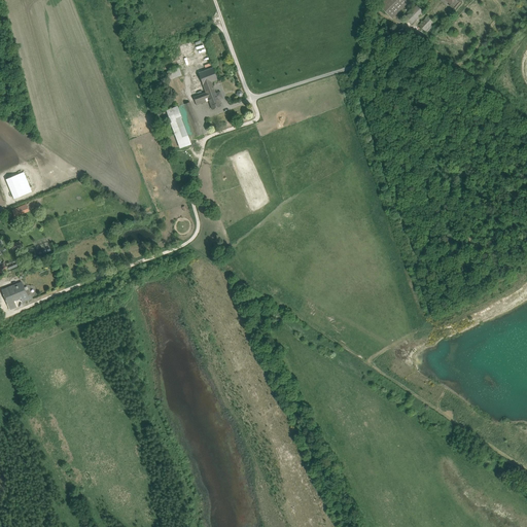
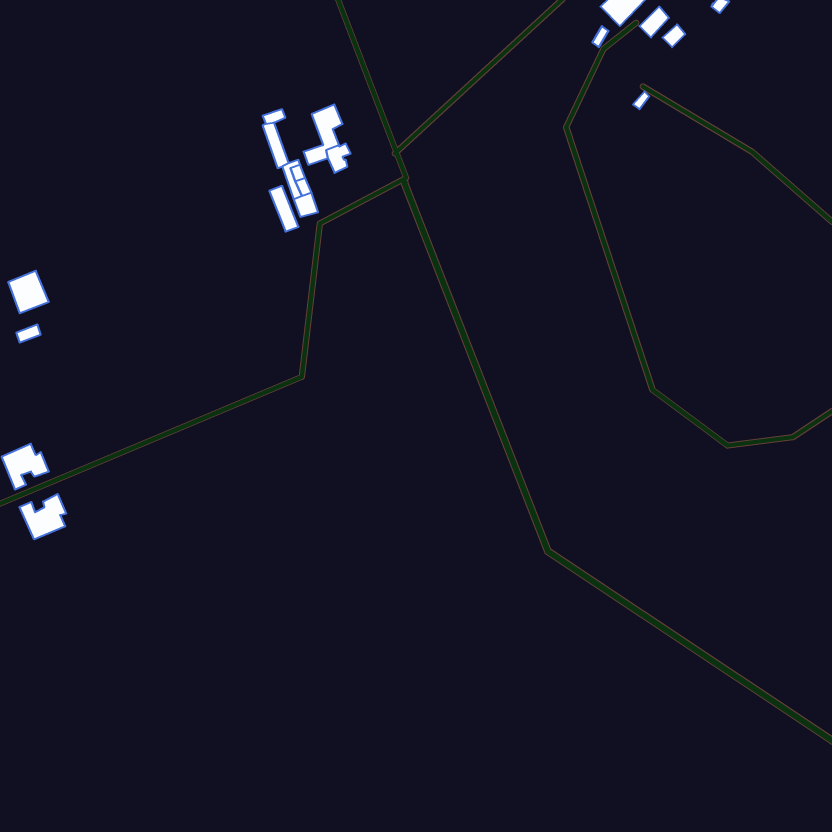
building: none -> [19,494,66,539]

